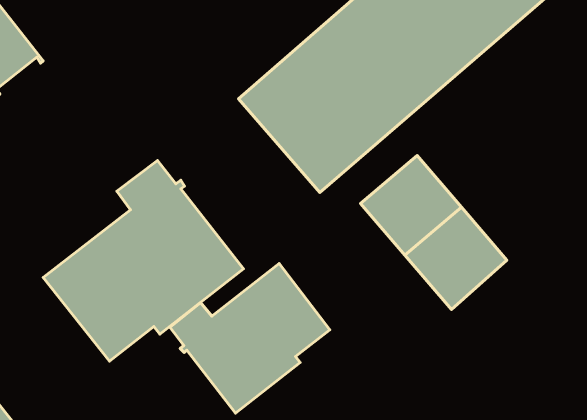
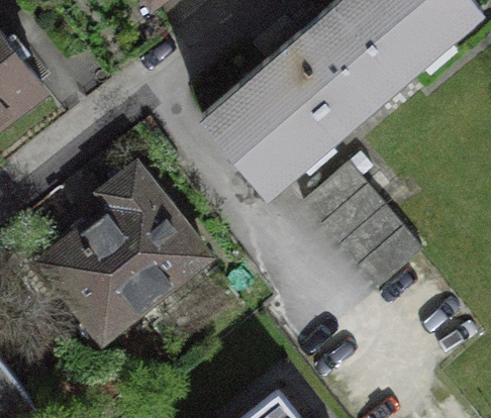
building: [170,263,330,413] -> none

